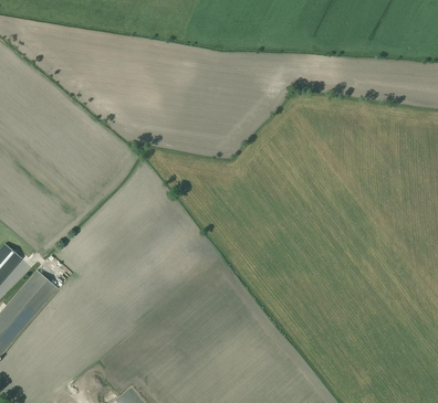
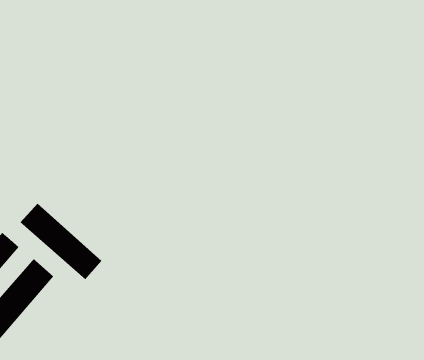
building: none -> [20,203,102,280]

